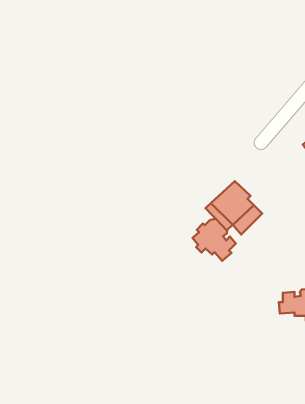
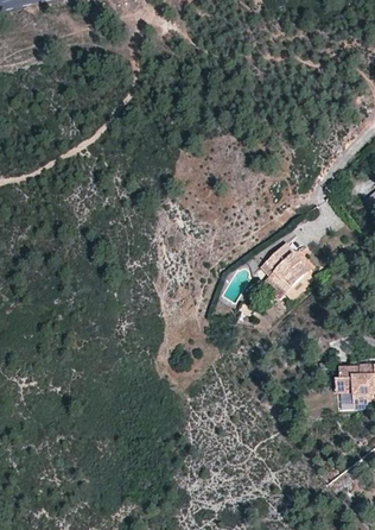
building: [192,219,236,261] -> none

